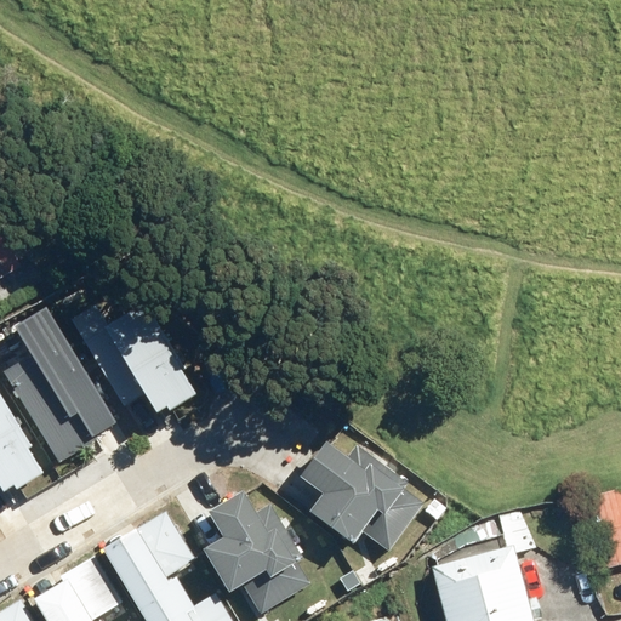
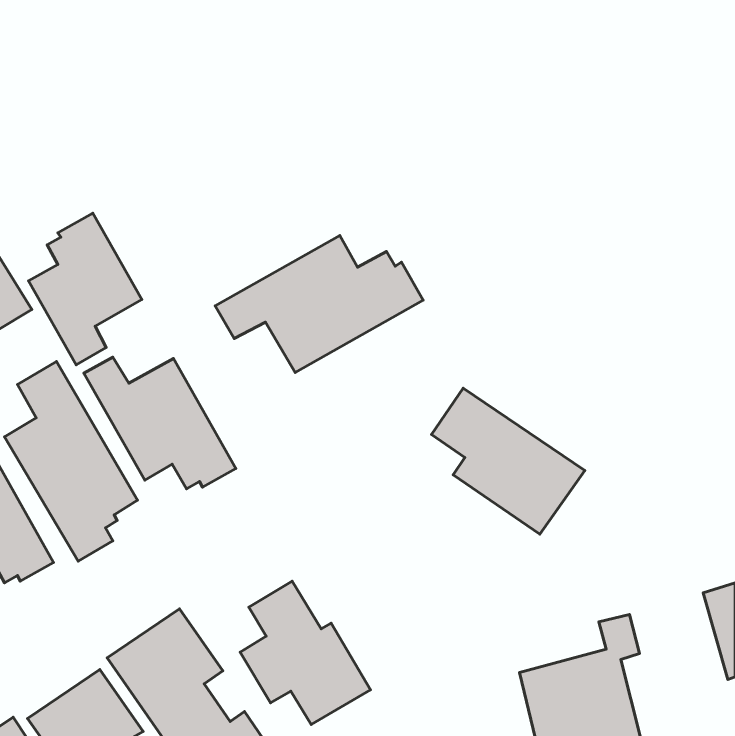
building: none -> [29,213,142,365]
building: none -> [215,236,423,373]
building: [292,437,421,559] -> [431,388,585,534]

